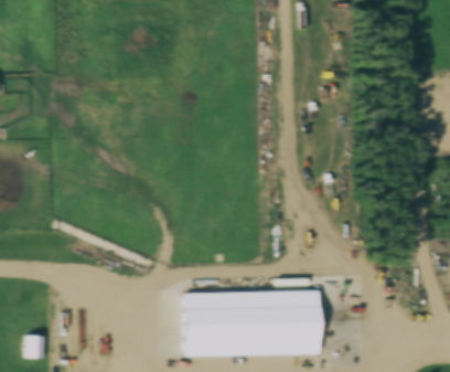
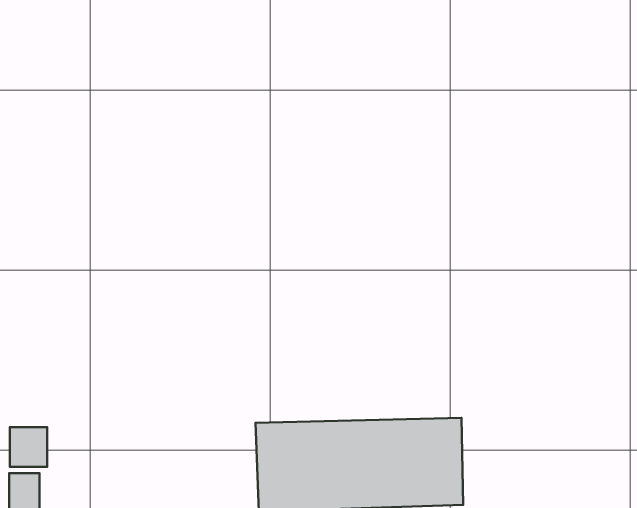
building: none -> [10,427,47,467]

